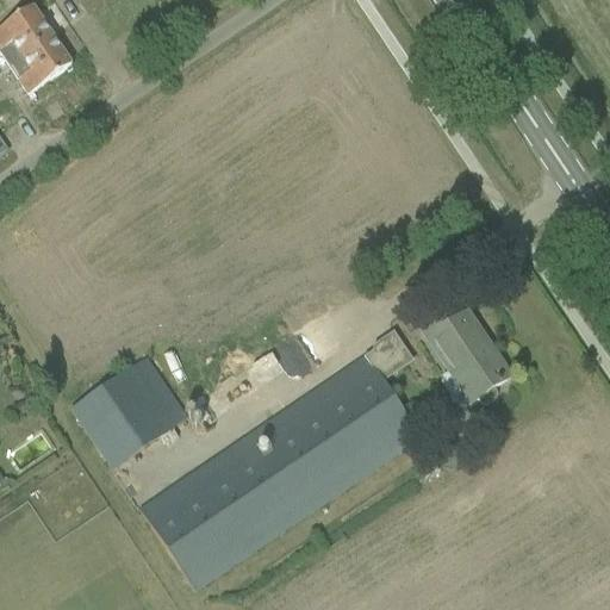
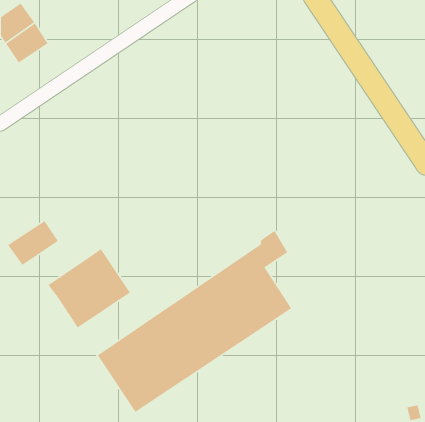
building: [417,301,511,406] -> none
building: none -> [7,220,59,266]

